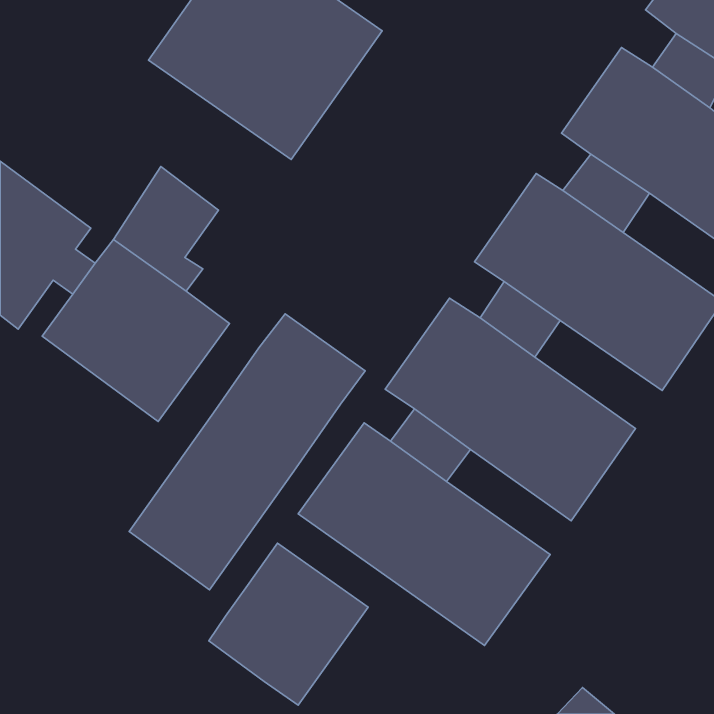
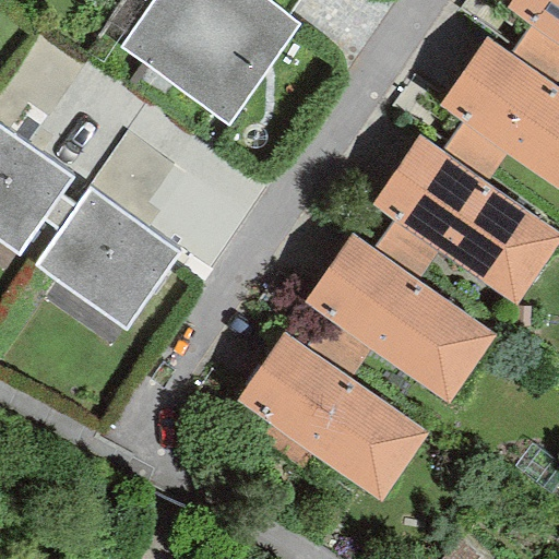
building: [129,314,365,590] -> none
building: [209,543,368,705] -> none

